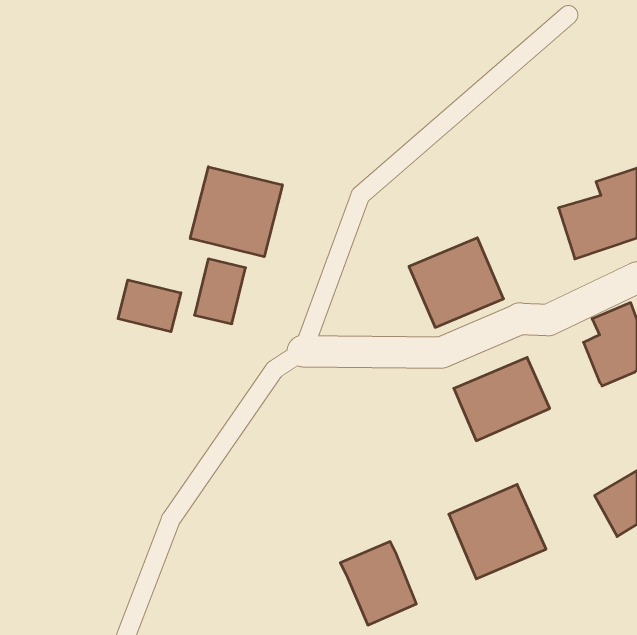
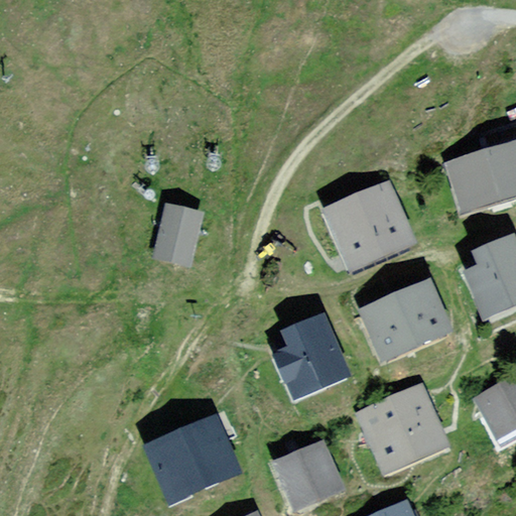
building: [190,167,282,257] -> none
building: [118,280,181,332] -> none
building: none -> [280,324,343,396]
building: none -> [152,412,235,500]

